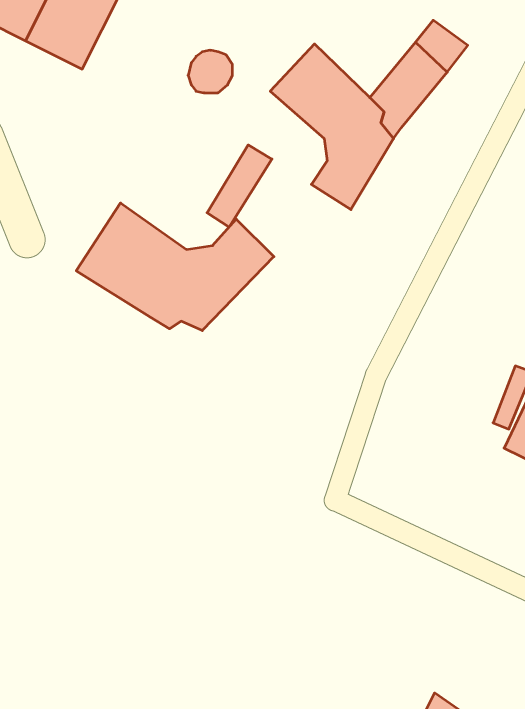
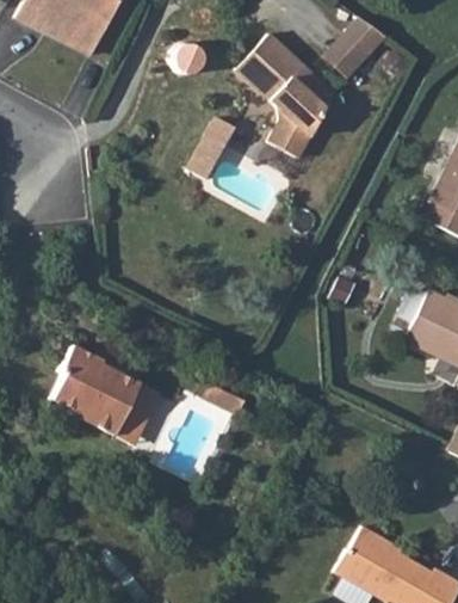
building: [76,203,274,331] -> none
building: none -> [56,339,160,439]

